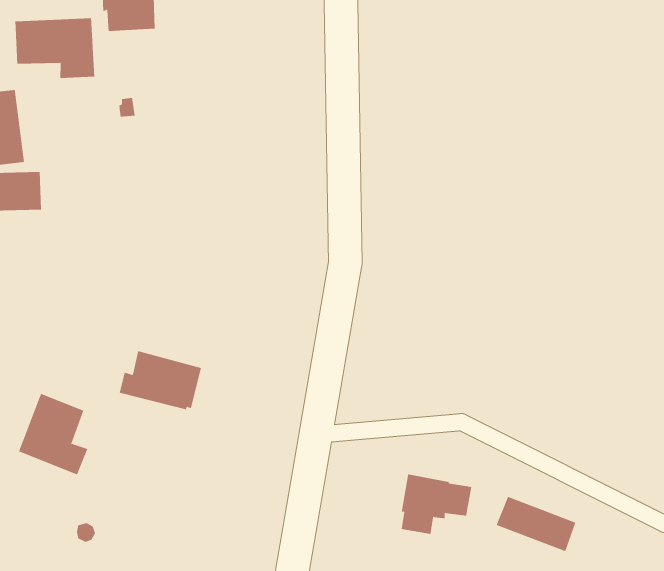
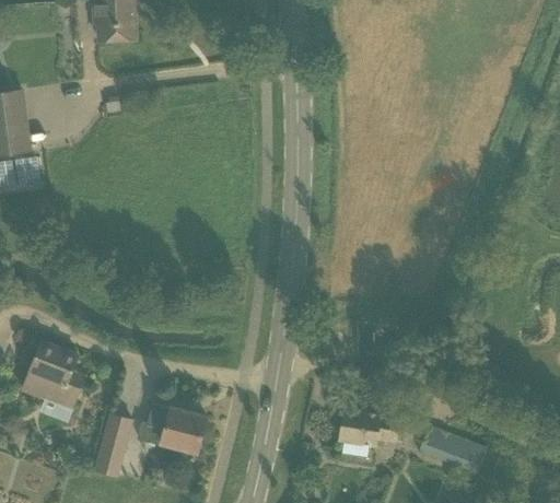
building: [15,18,95,79] -> none
building: [119,351,202,410] -> [138,403,207,453]
building: none -> [95,414,132,476]

